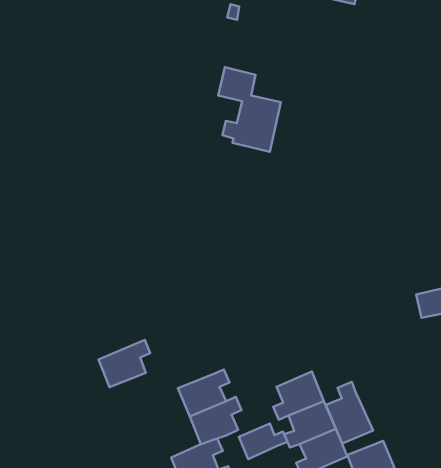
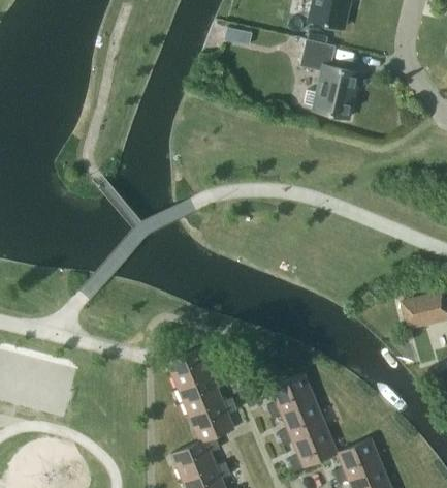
building: [218,67,281,152] -> [299,39,358,119]
building: [99,340,150,387] -> [167,344,216,389]
building: [326,382,373,444] -> none
building: [239,424,287,459] -> none

